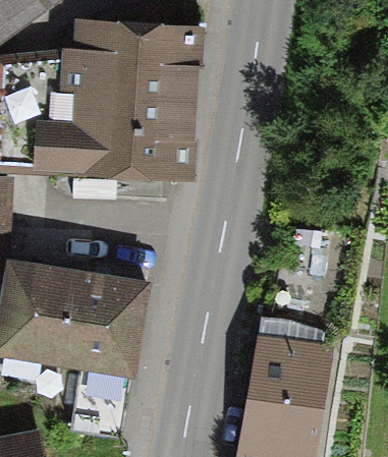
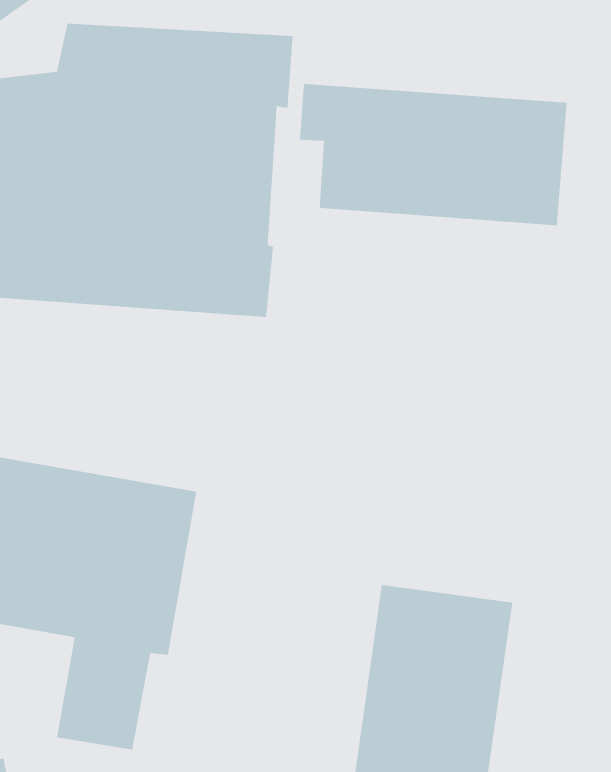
building: none -> [299,83,567,226]

